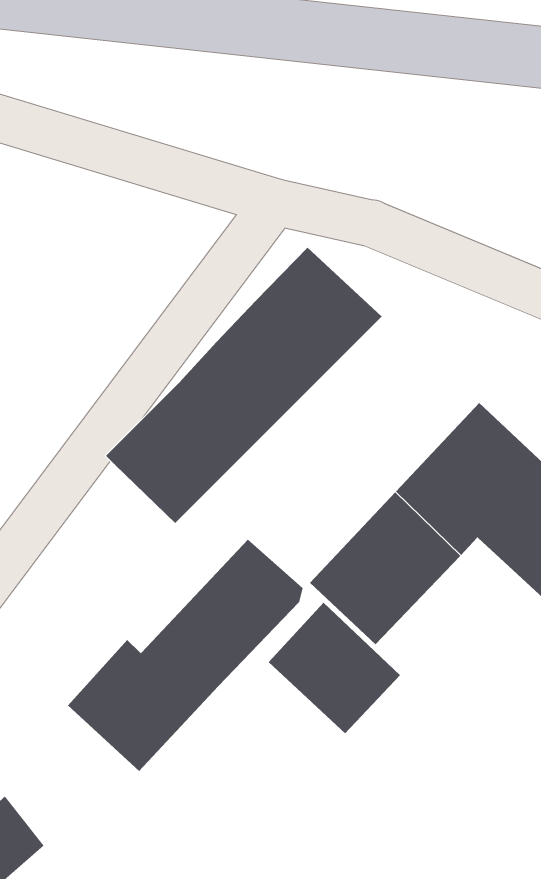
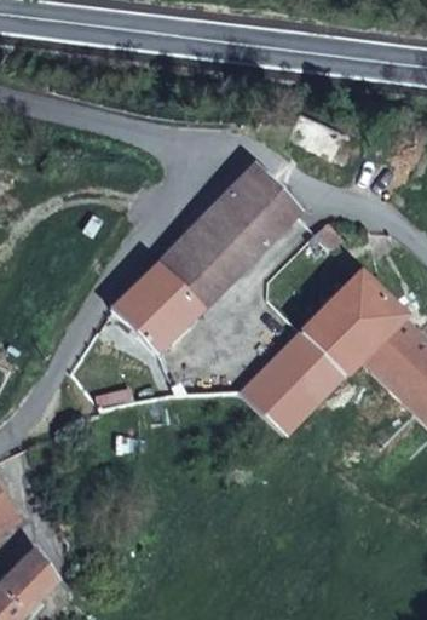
building: [67,539,303,772] -> none
building: [268,602,401,734] -> none

